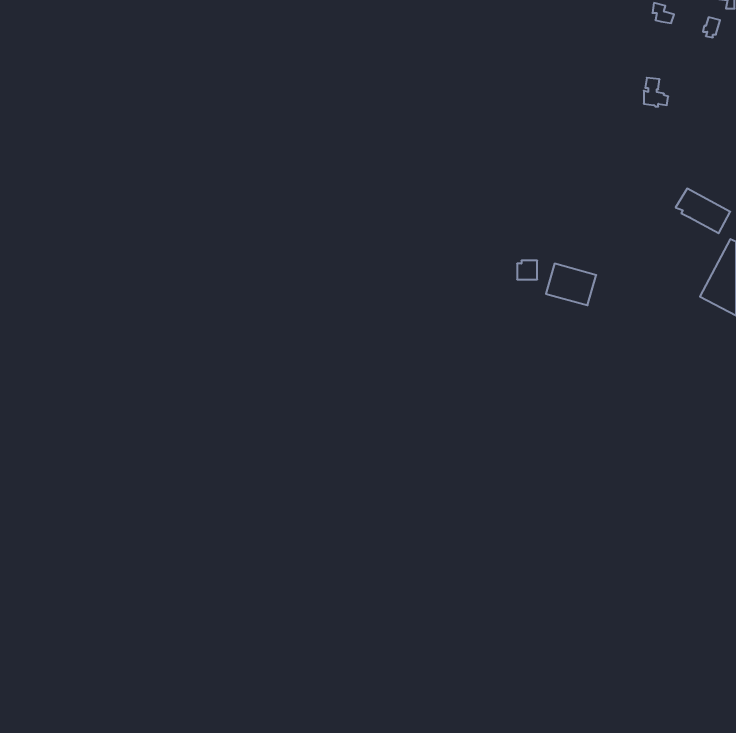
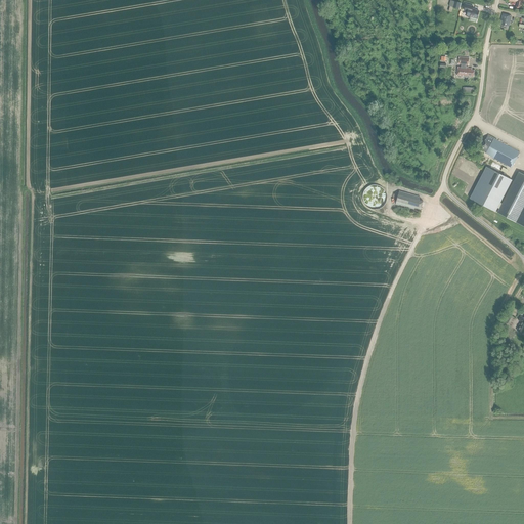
building: none -> [471,165,512,210]

